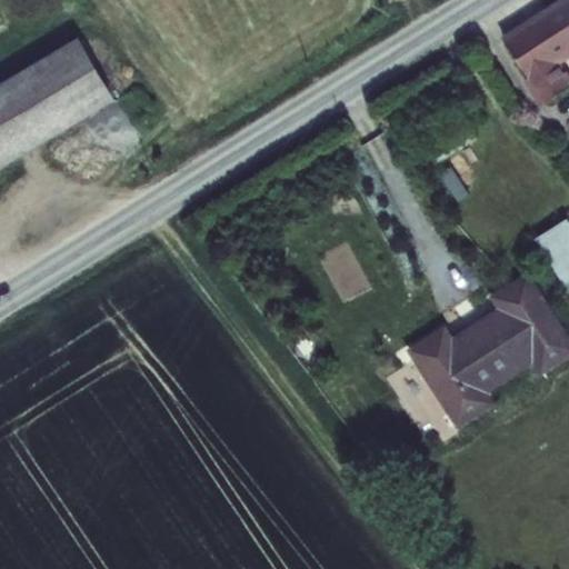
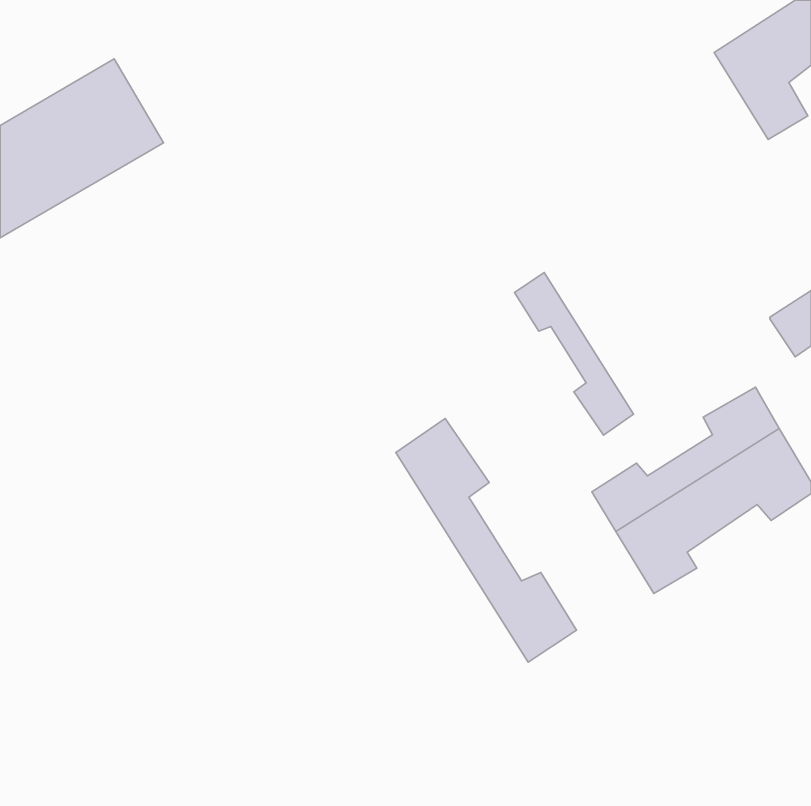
building: none -> [515,273,634,435]
building: none -> [396,419,577,662]

